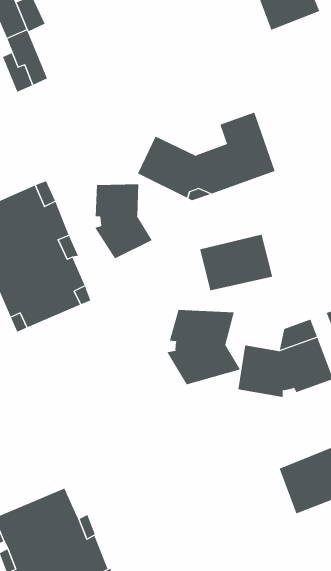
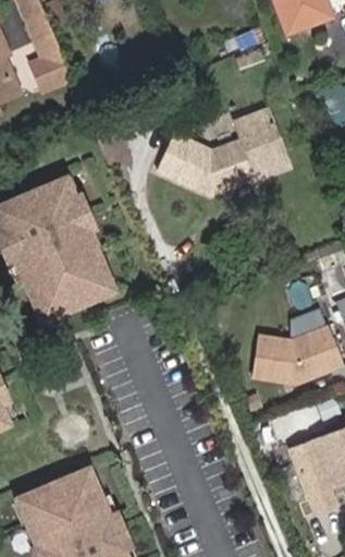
building: [95,183,153,259] -> none
building: [199,234,273,291] -> none
building: [166,309,241,385] -> none

